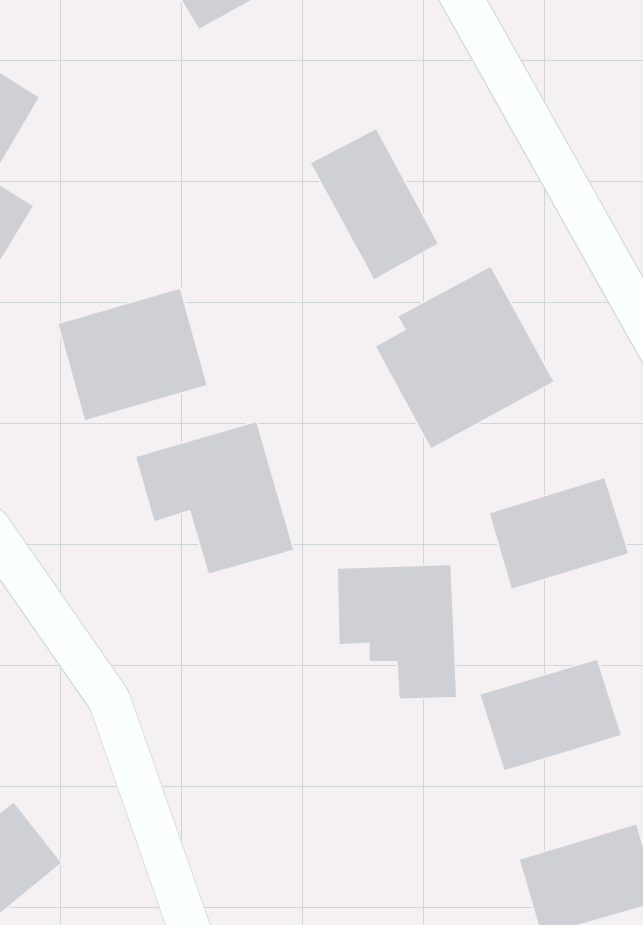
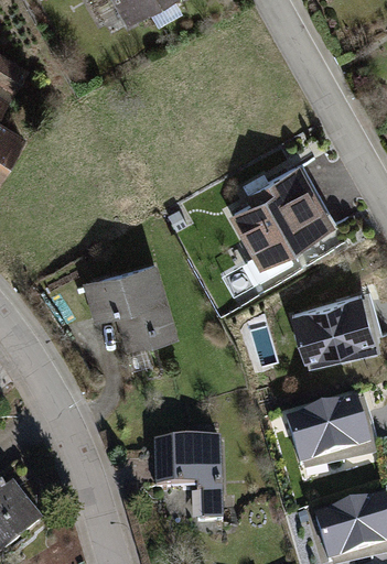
building: [310,128,439,280] -> none
building: [57,288,208,421] -> none
building: [337,564,457,699] -> [158,437,228,517]

